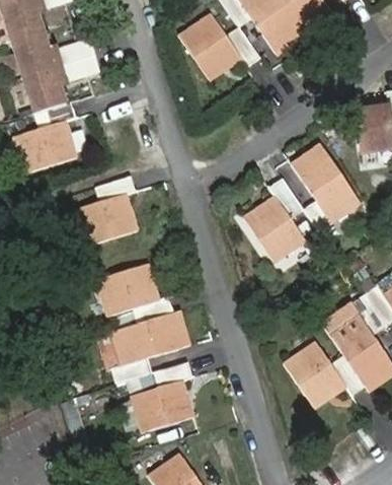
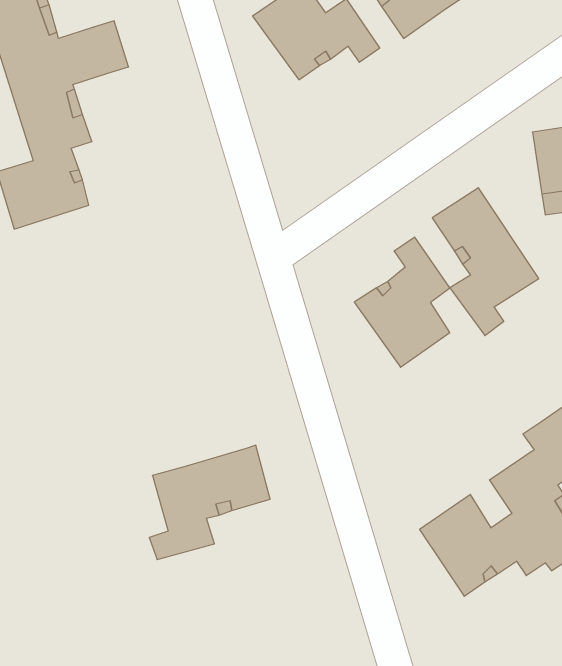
building: [75,176,135,248] -> none
building: [96,263,173,324] -> none
building: [135,362,193,431] -> none

